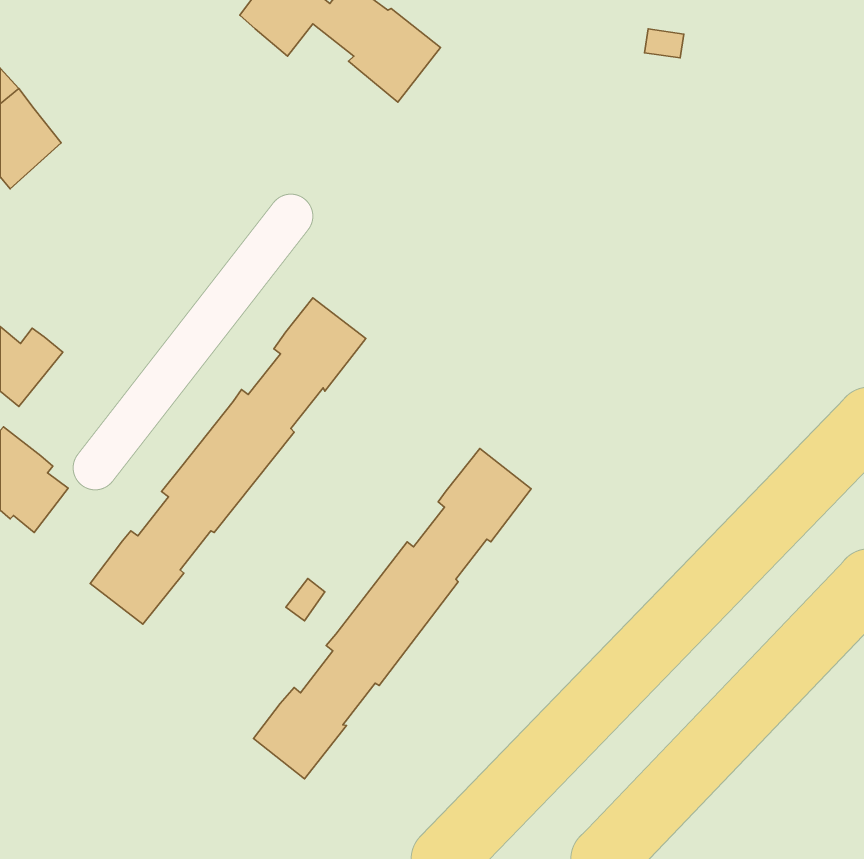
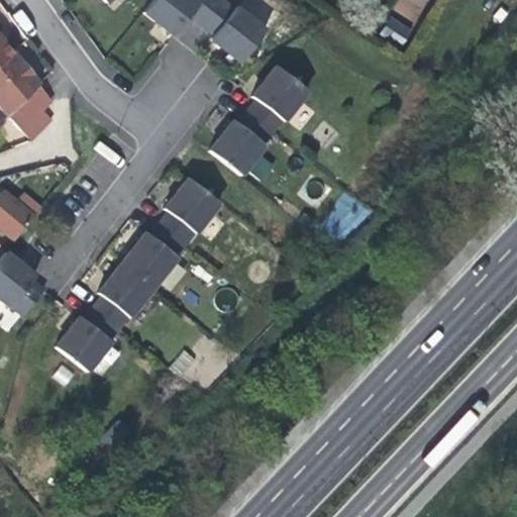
building: none -> [210,66,308,175]
building: none -> [9,85,51,139]
building: [253,449,531,779] -> none

